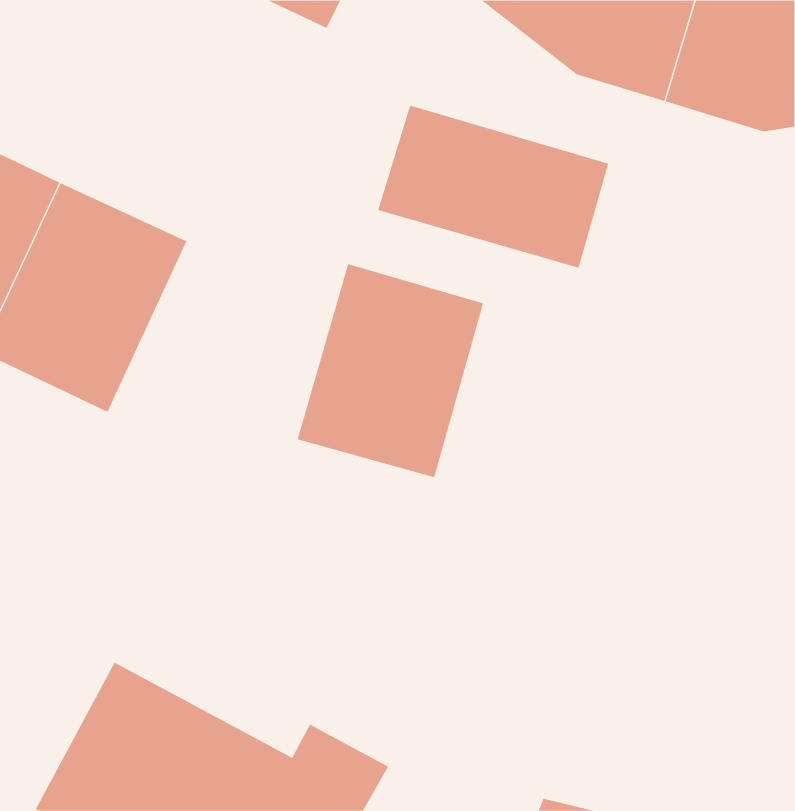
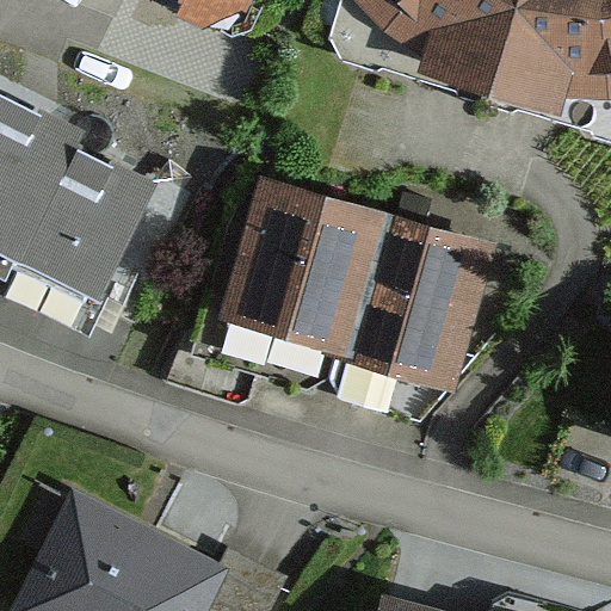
building: [378,105,609,268] -> none
building: none -> [327,228,468,388]

